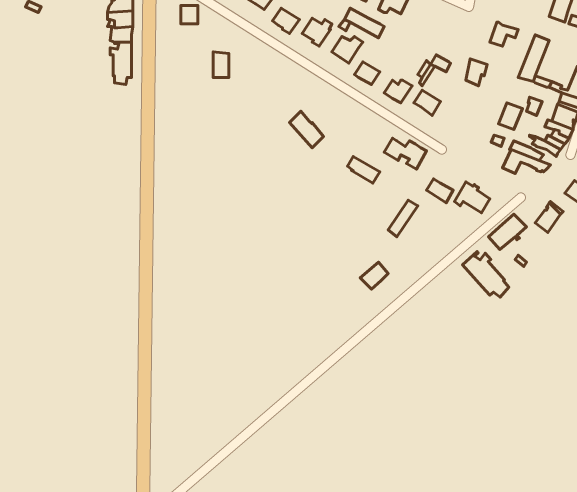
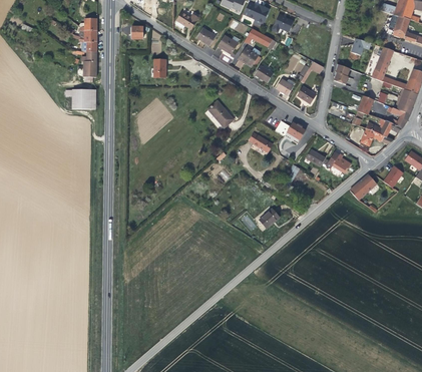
building: none -> [64,89,96,109]
building: [462,252,509,297] -> none

